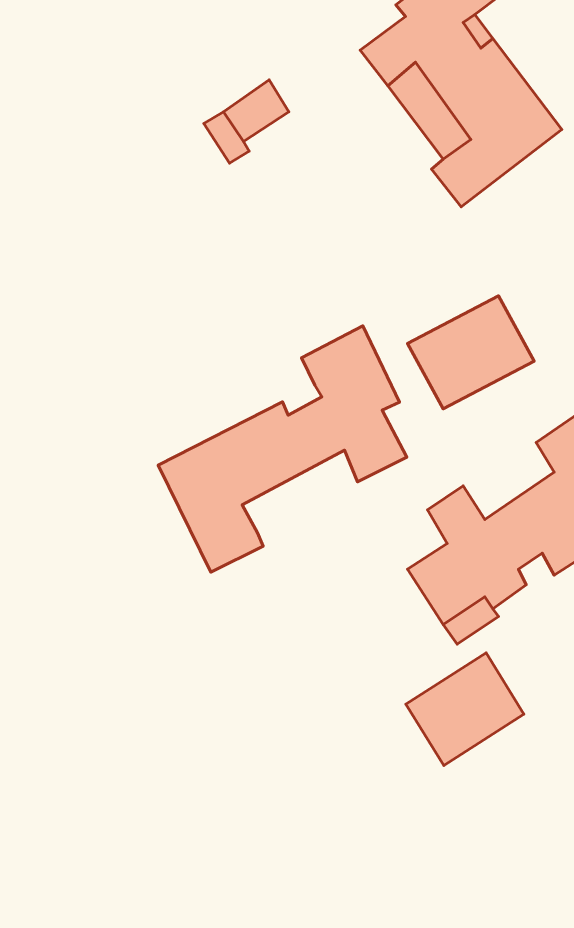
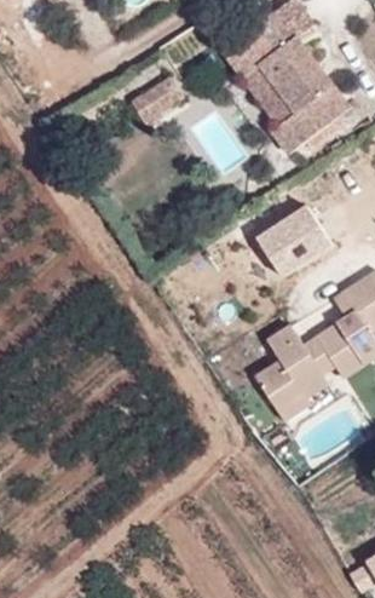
building: [158,326,407,572] -> none
building: [406,653,524,766] -> none

